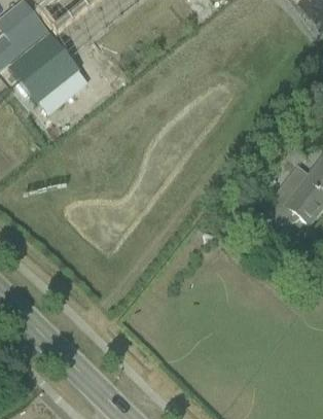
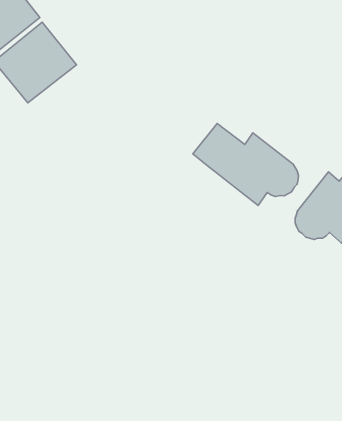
building: none -> [193,124,298,205]

